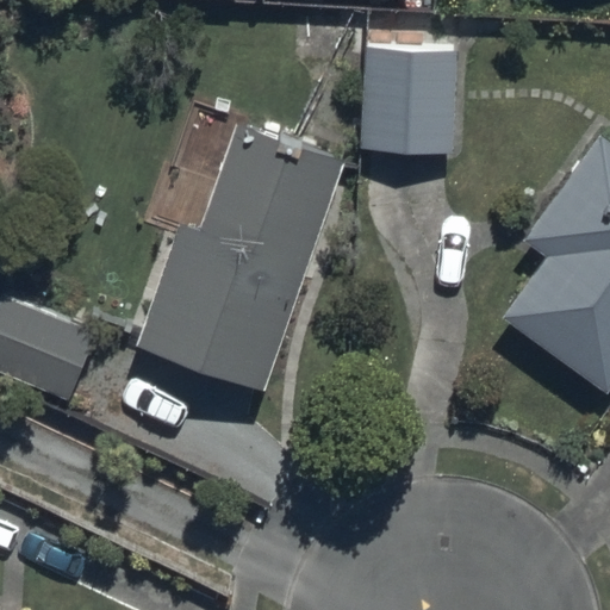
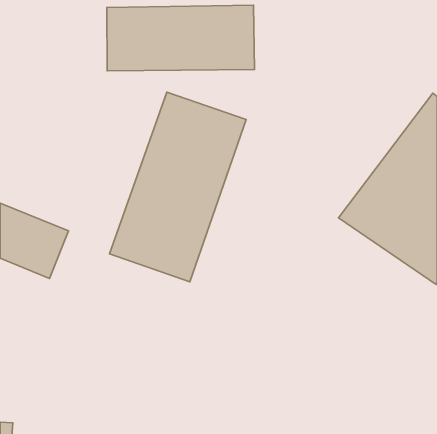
building: none -> [107,5,254,71]
building: [361,33,449,142] -> none

